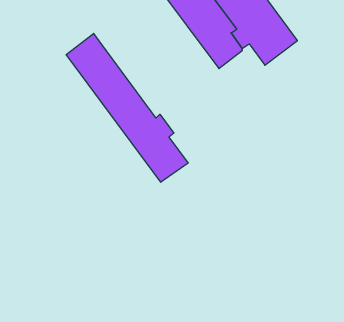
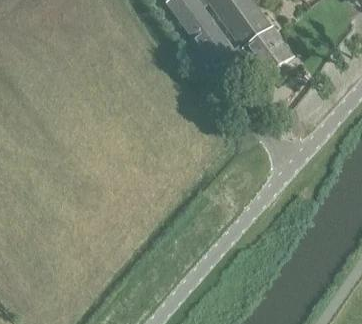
building: [66,33,188,182] -> none

